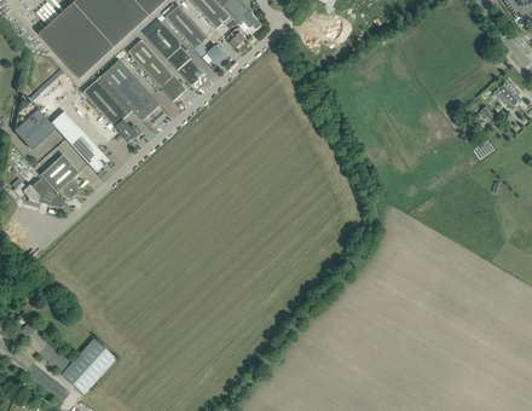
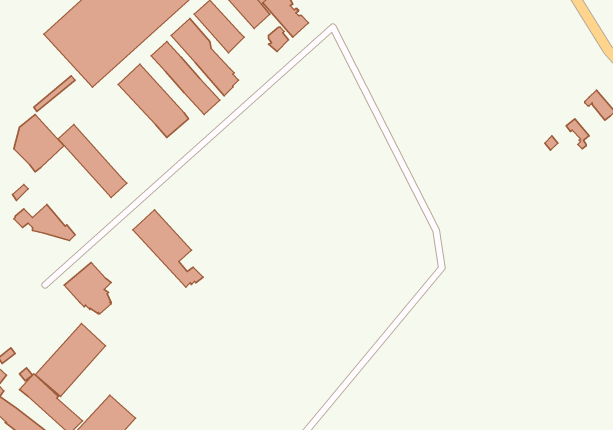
building: [82,76,141,141] -> [133,210,203,287]
building: [39,155,79,198] -> [64,262,111,314]
building: none -> [35,324,105,397]

